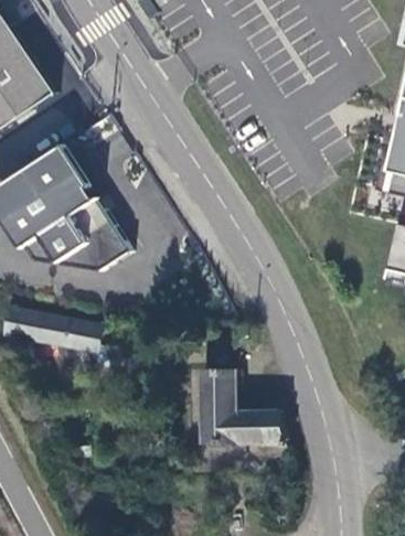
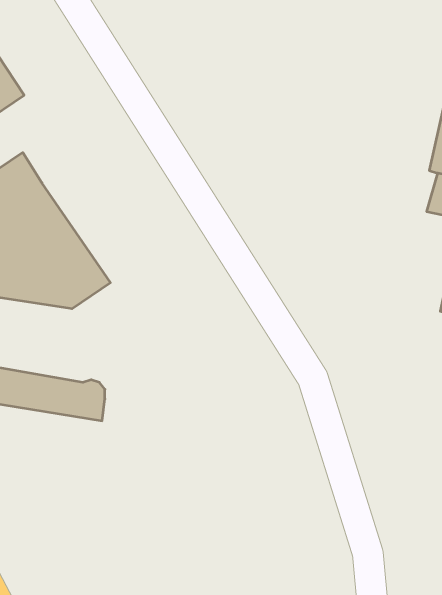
building: [200,373,287,444] -> none

